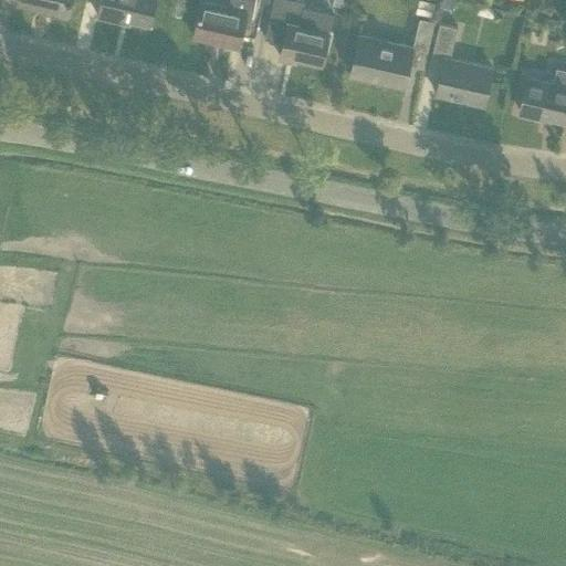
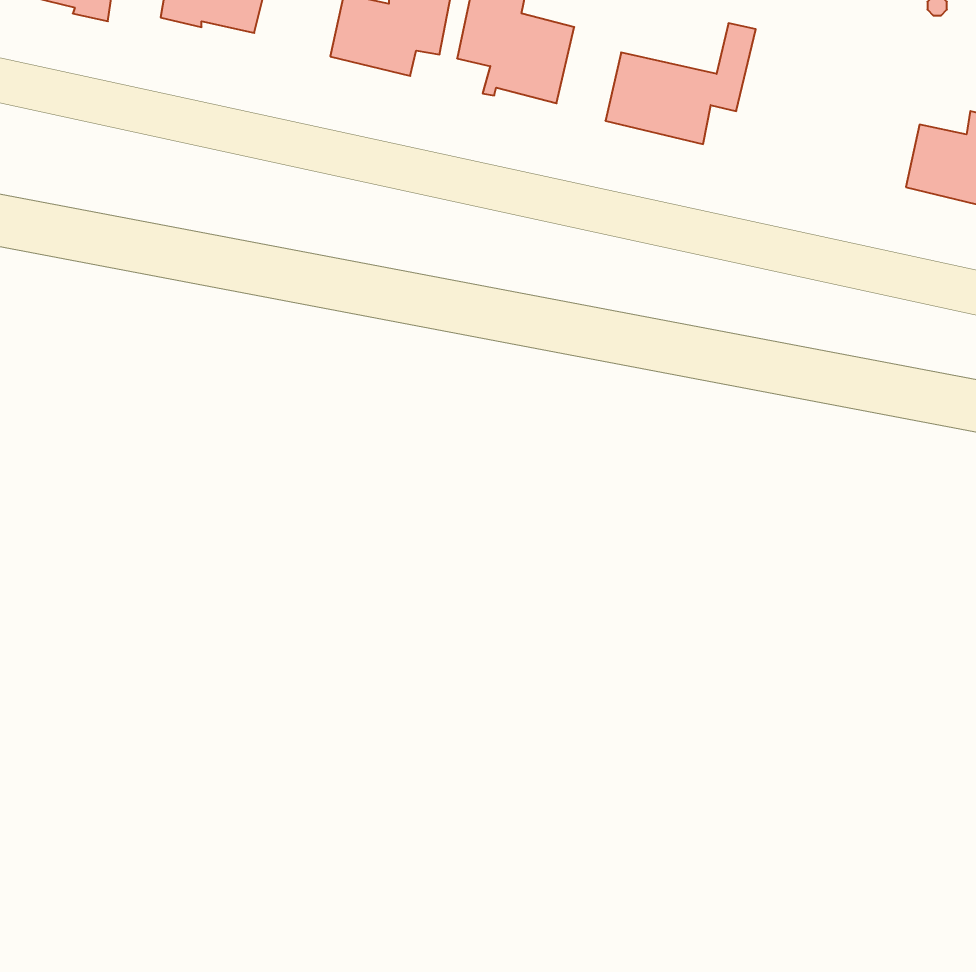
building: [432,23,493,105] -> none

